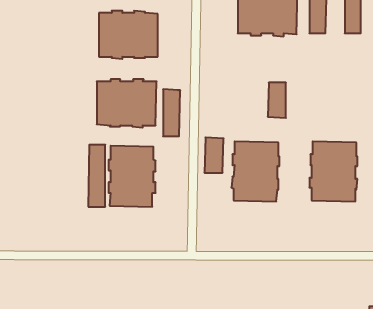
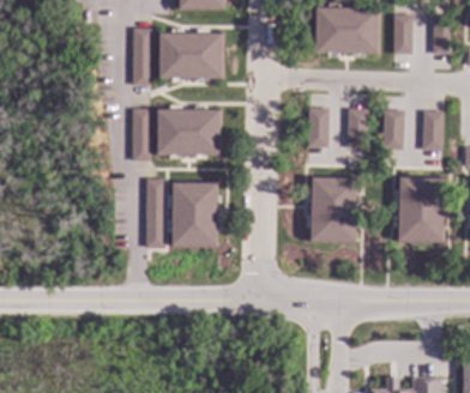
building: none -> [132,29,152,85]
building: none -> [382,110,403,150]
building: none -> [421,111,444,150]
building: [163,89,180,136] -> [132,108,151,161]
building: [204,137,224,173] -> [307,108,329,147]

